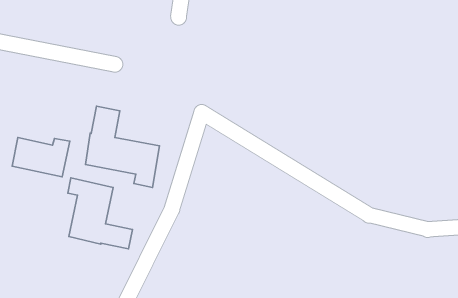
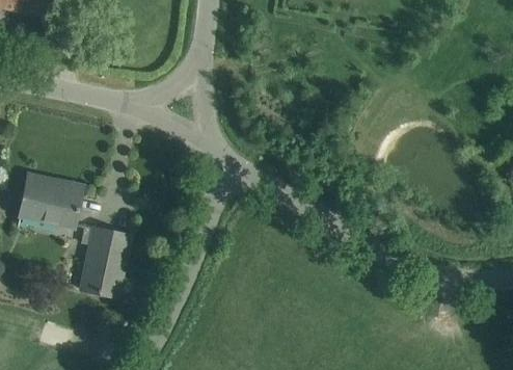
building: [86,106,159,188] -> none

